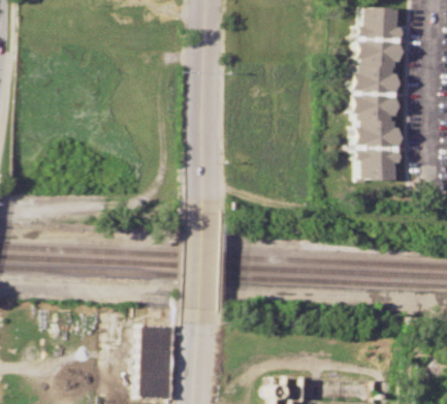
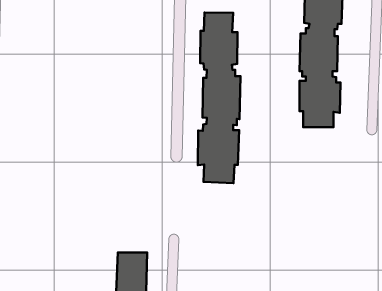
building: none -> [198,13,240,183]

